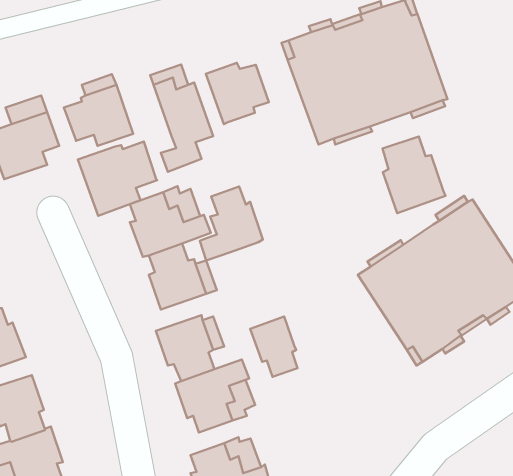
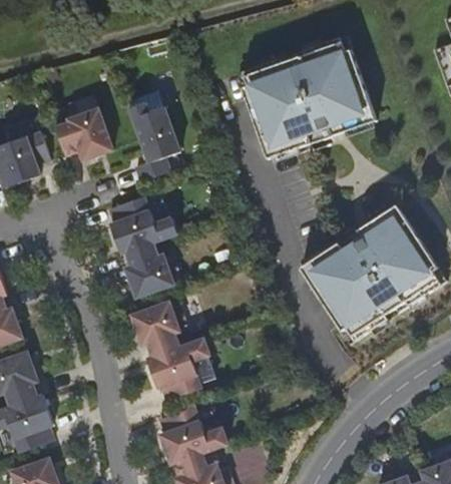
building: [206,63,269,124] -> none
building: [383,136,446,213] -> none
building: [78,142,157,216] -> none
building: [200,187,263,260] -> none
building: [250,317,298,377] -> none

